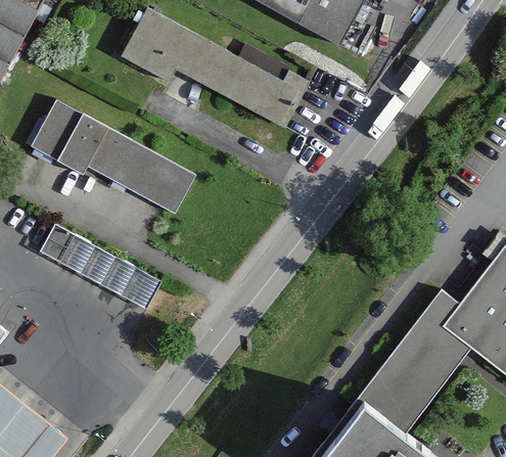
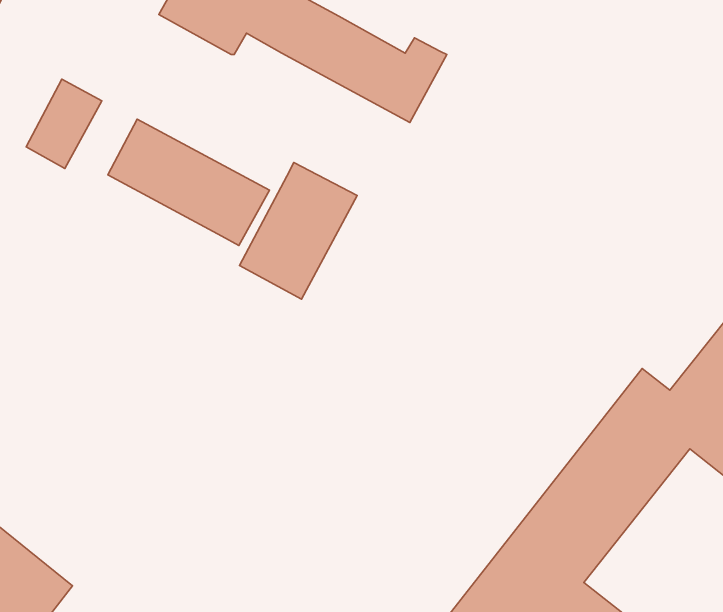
building: [57,113,105,171] -> none
building: none -> [240,163,357,299]
building: [41,225,158,305] -> none

